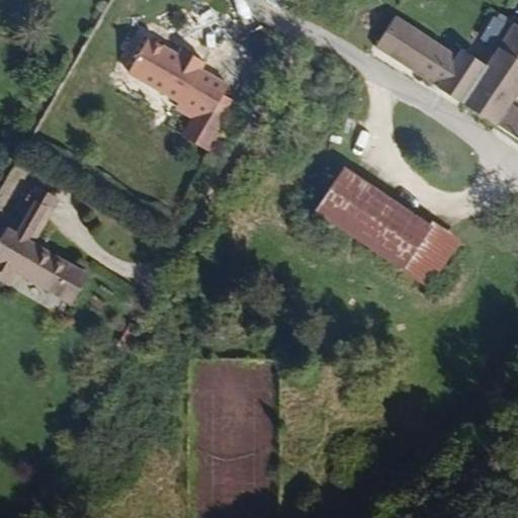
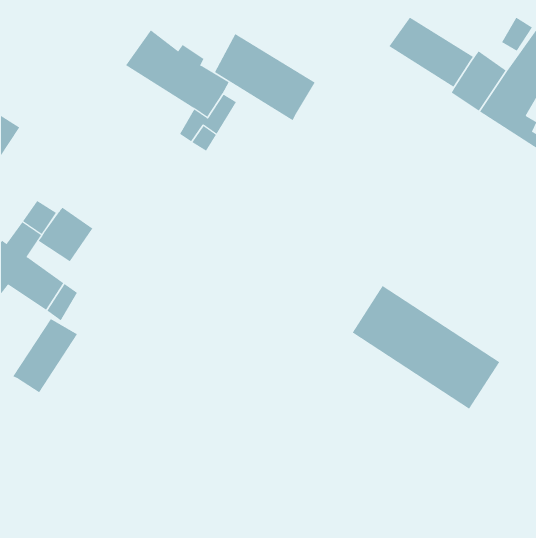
building: none -> [214,33,316,121]
building: [316,165,458,284] -> [352,285,500,410]
building: none -> [38,207,93,262]
building: none -> [12,318,78,393]

